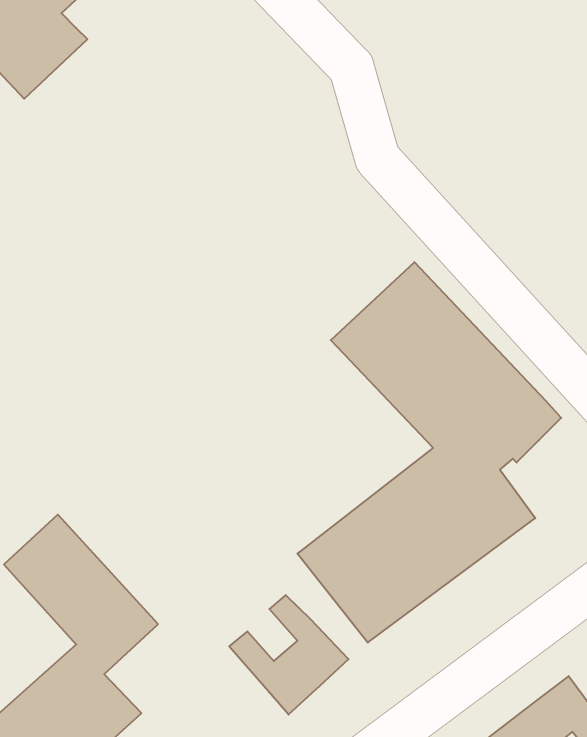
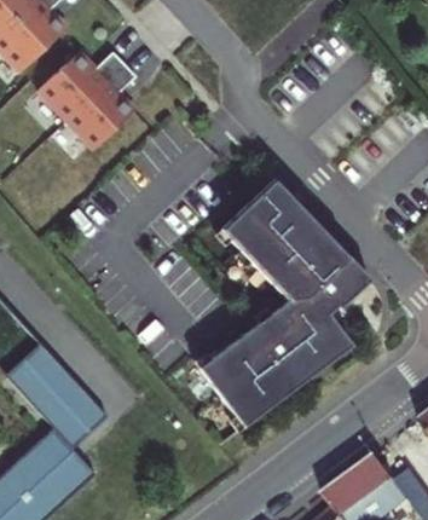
building: none -> [37,53,135,151]
building: [229,595,349,715] -> none

